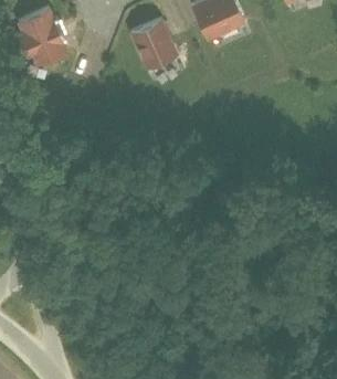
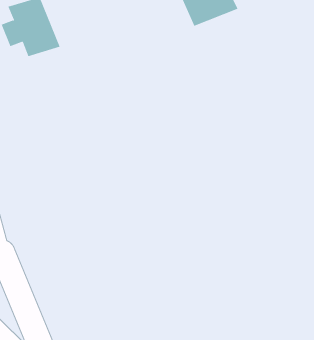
building: [126,21,171,70] -> none

